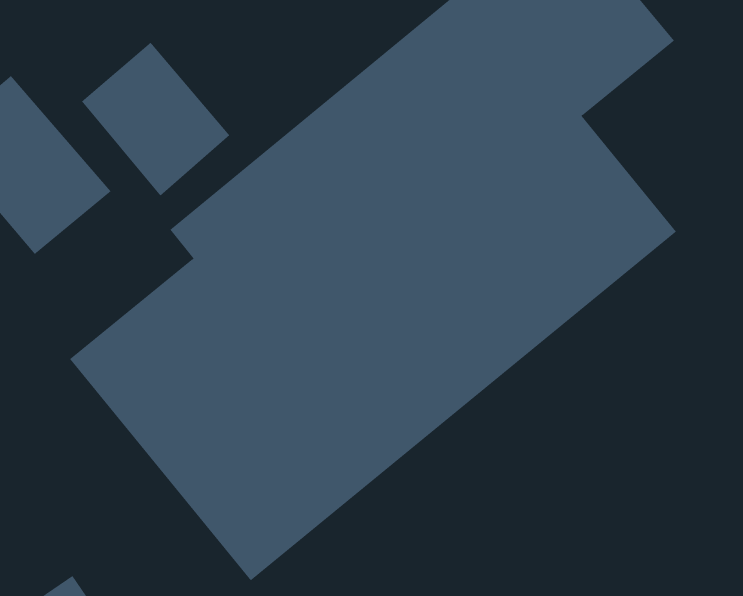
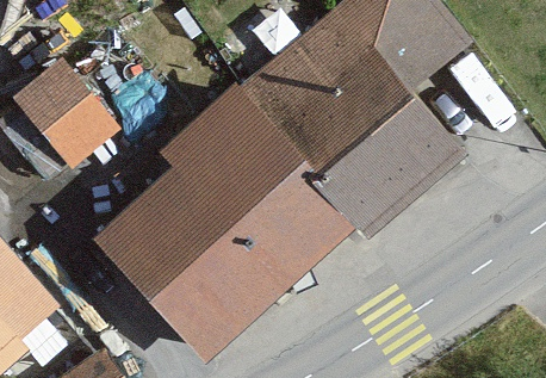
building: [81,42,230,197] -> none

